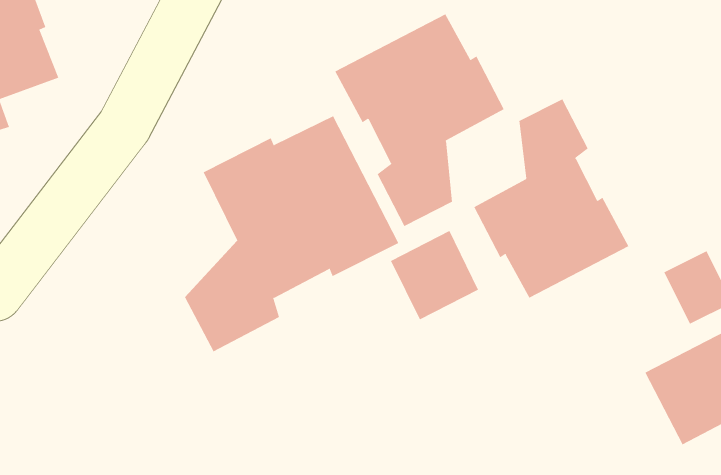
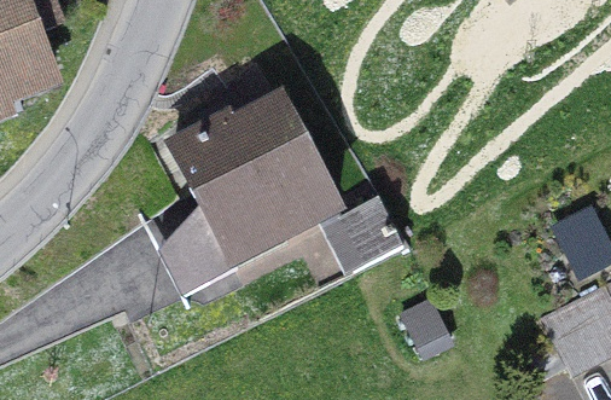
building: [335,13,505,227] -> none
building: [473,98,629,298] -> none

